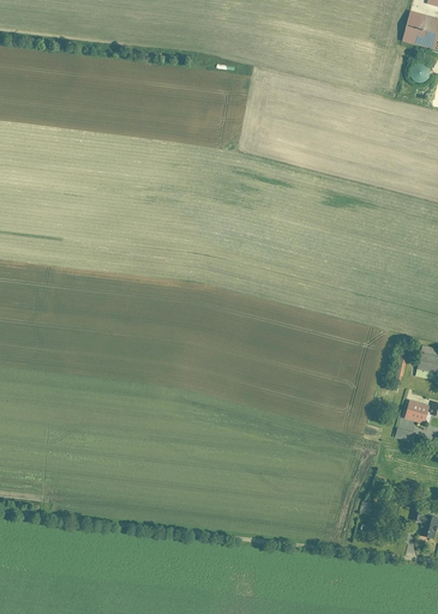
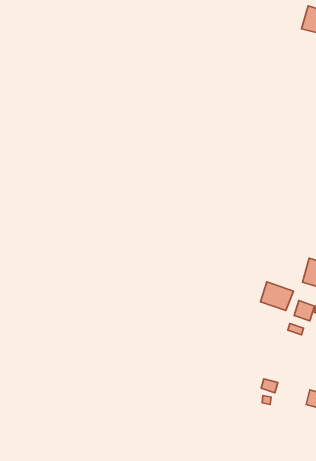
building: none -> [260,282,293,311]

